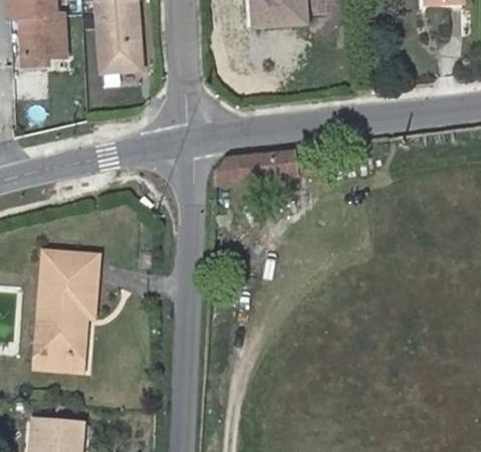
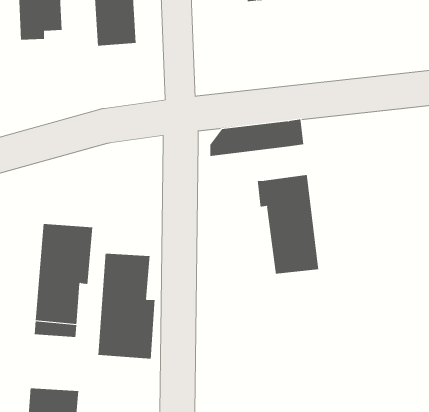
building: none -> [257,174,319,275]
building: none -> [98,253,155,360]

